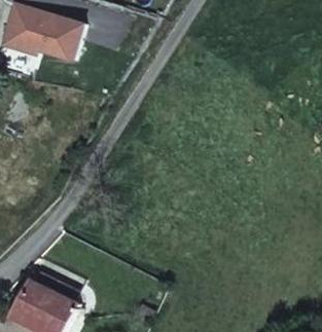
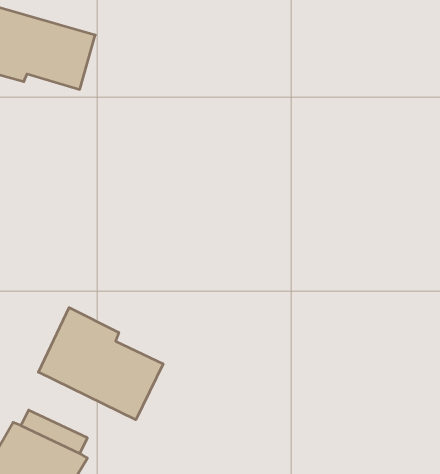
building: none -> [38,308,163,420]

